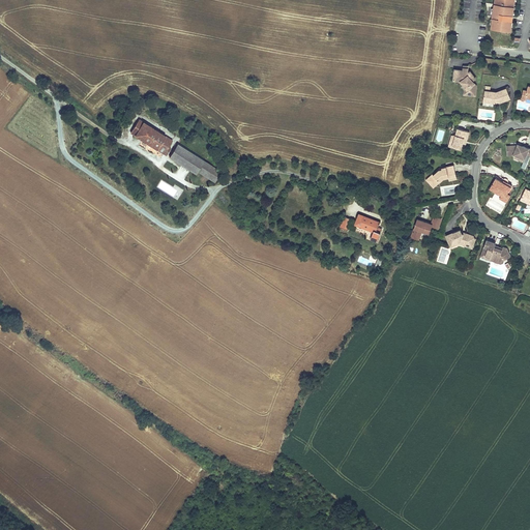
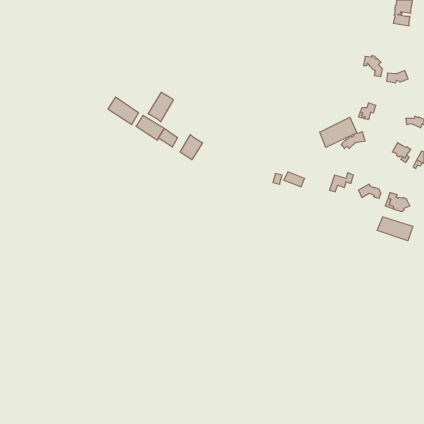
building: none -> [148,92,173,122]
building: none -> [320,117,357,147]
building: none -> [180,135,203,160]
building: none -> [377,217,413,241]

